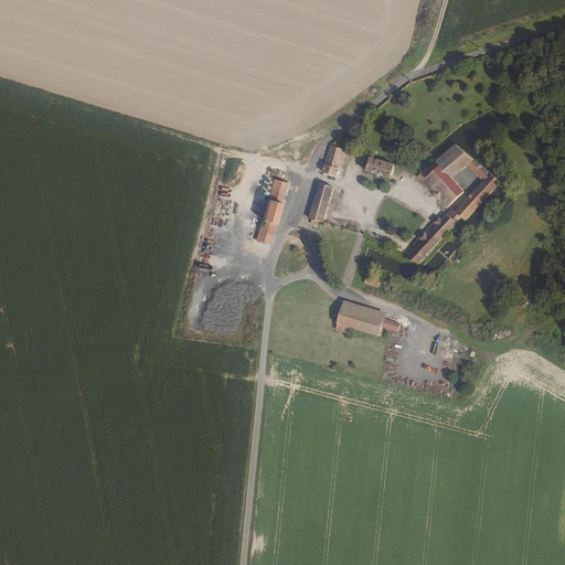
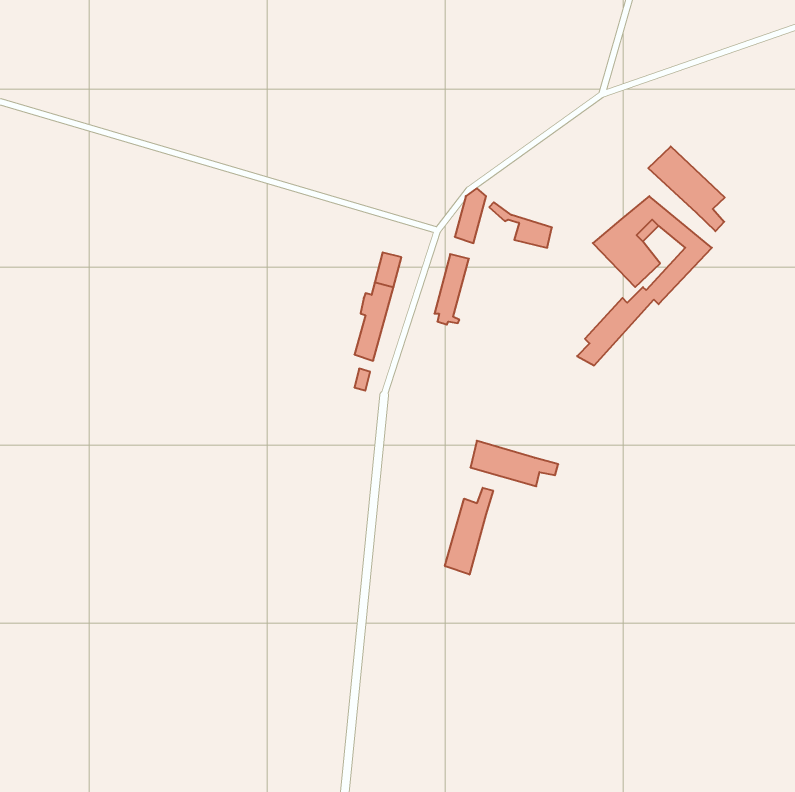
building: none -> [648,146,725,231]
building: none -> [445,488,493,575]

